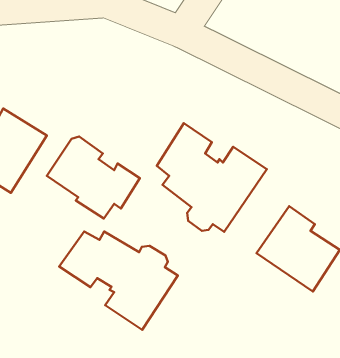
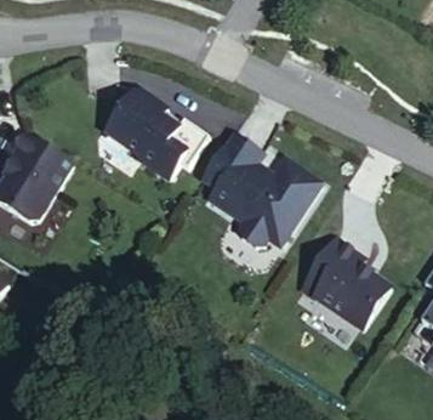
building: [47,137,140,218] -> [110,84,211,172]
building: [59,231,178,330] -> none

